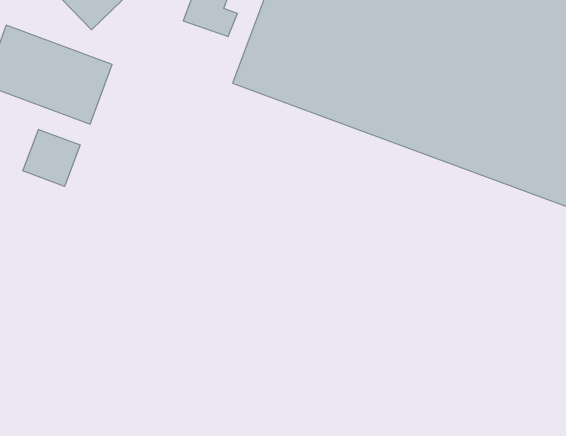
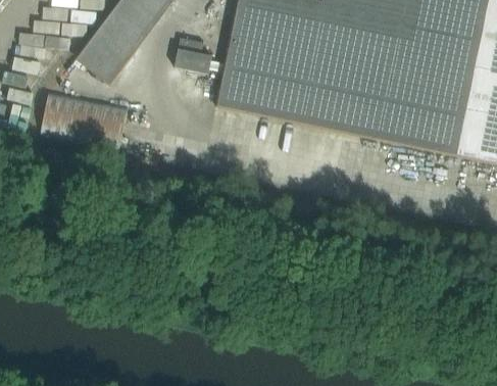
building: [23,129,80,186] -> none

